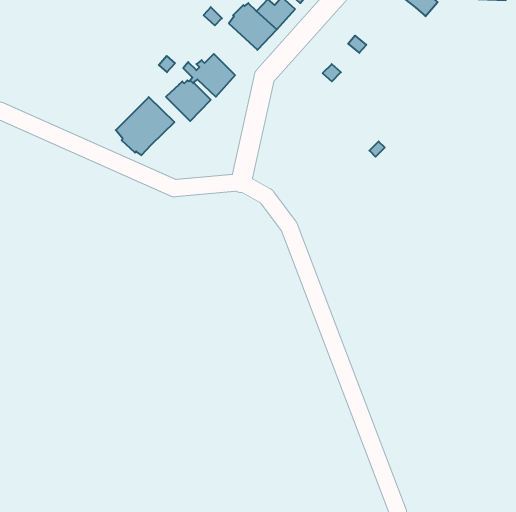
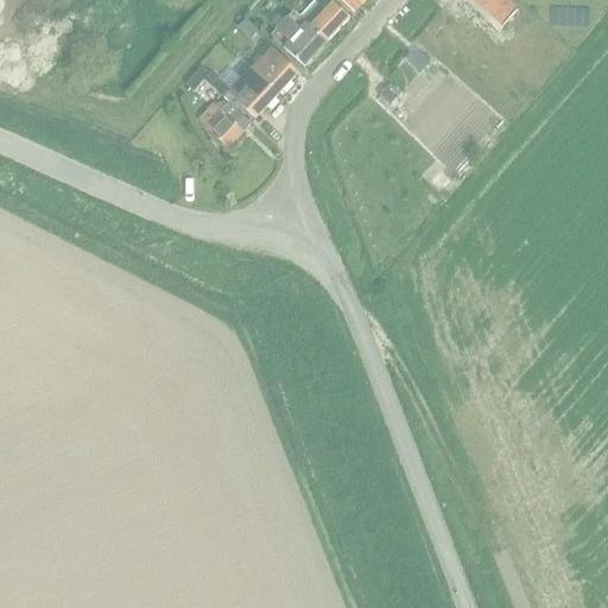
building: none -> [253,42,299,88]
building: [116,97,174,155] -> none

